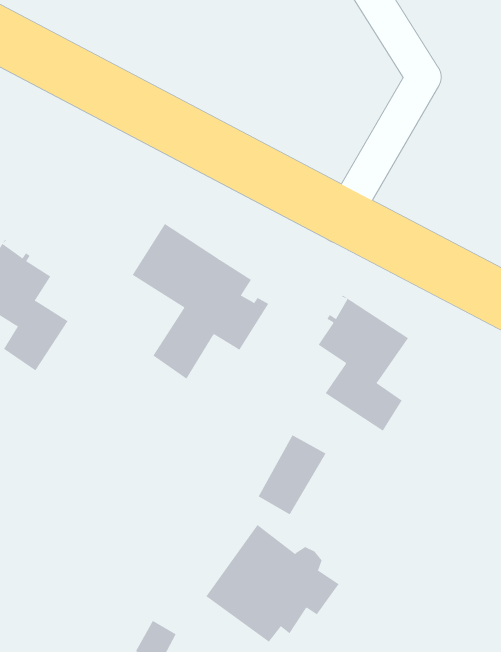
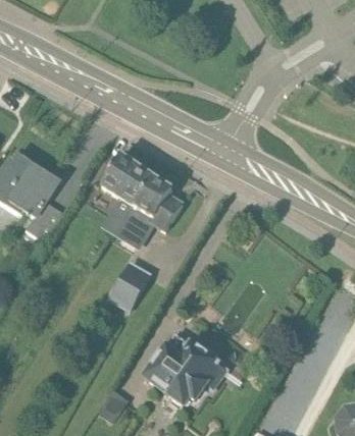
building: [318,295,409,431] -> none
building: [258,435,326,515] -> [109,262,150,310]

